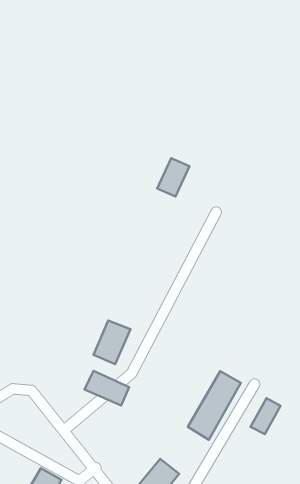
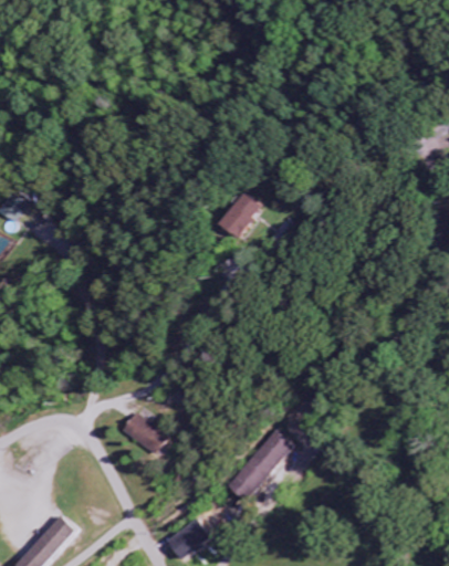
building: [94,320,131,364] -> none
building: [250,398,280,434] -> none

